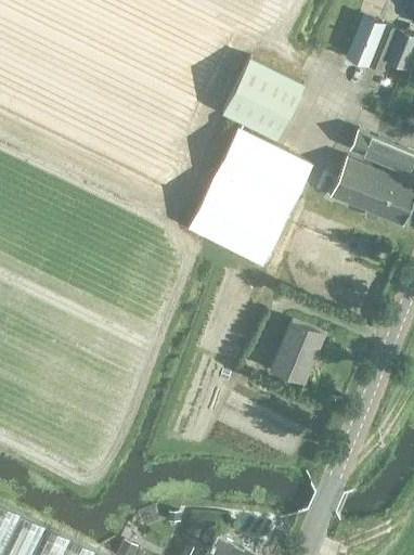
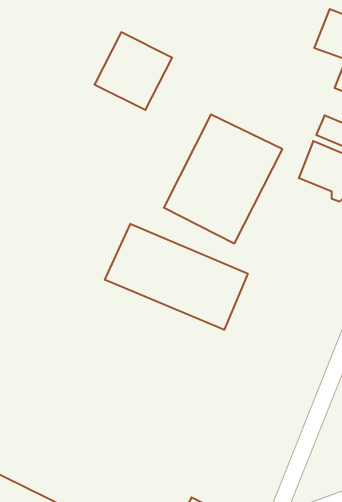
building: [222,59,305,141] -> [94,32,172,110]
building: none -> [105,224,248,330]
building: [271,321,324,383] -> none

